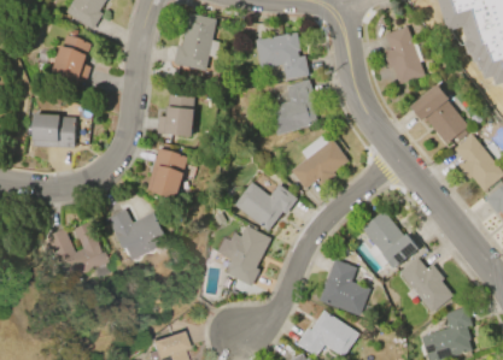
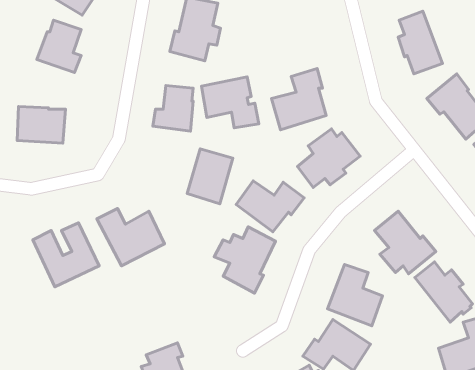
building: [256,33,309,79] -> [202,77,259,128]
building: [147,148,189,199] -> [187,149,233,204]

